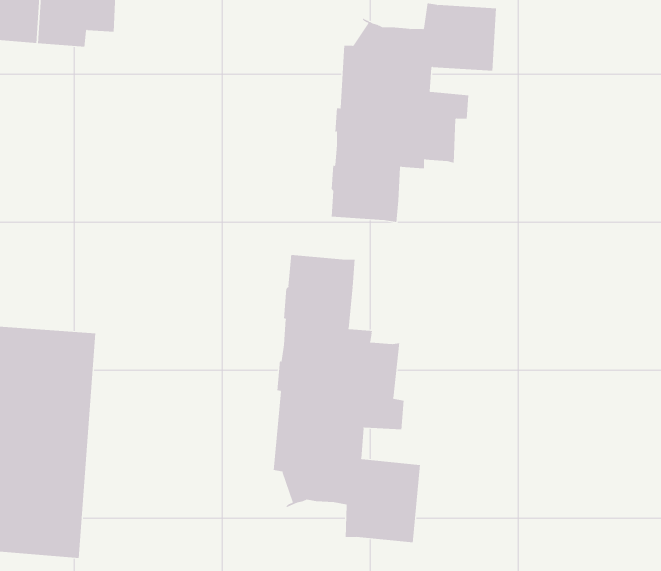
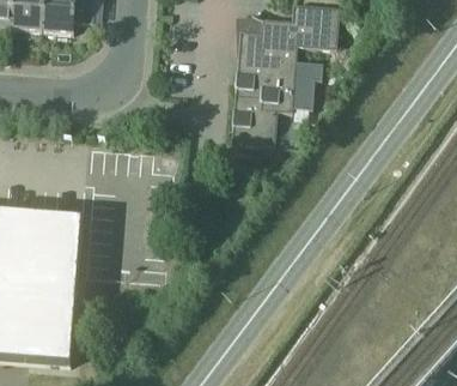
building: [273,254,421,543] -> none

